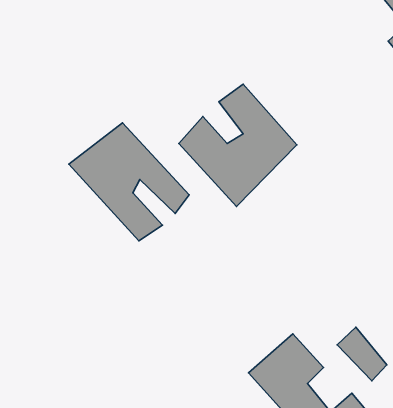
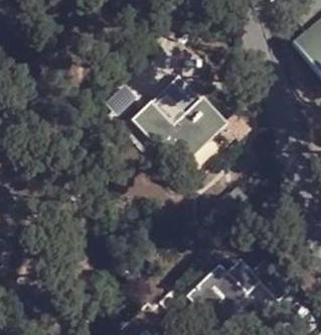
building: [69,123,189,241] -> none

